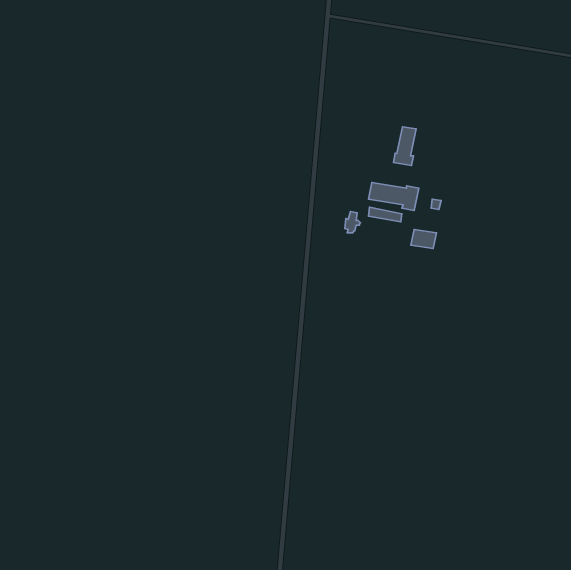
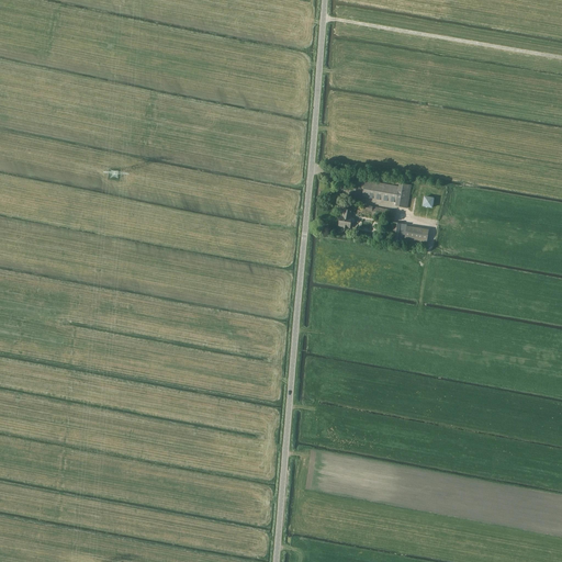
building: [394,127,416,166] -> none

